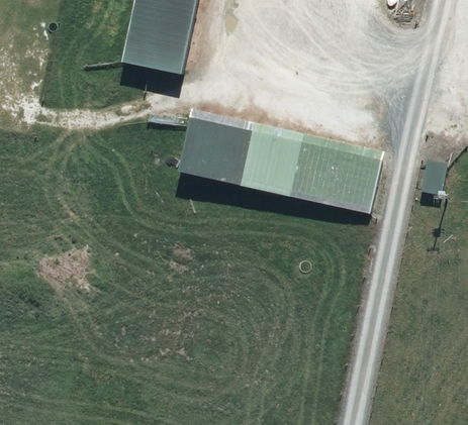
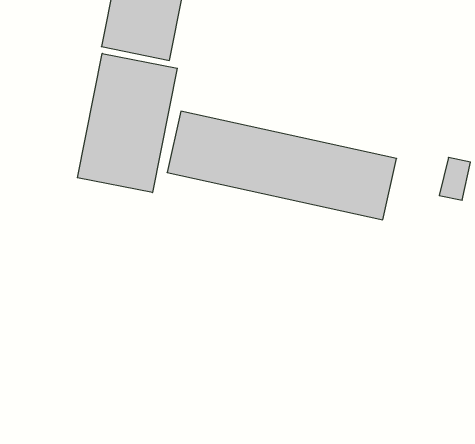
building: none -> [77,53,177,193]

